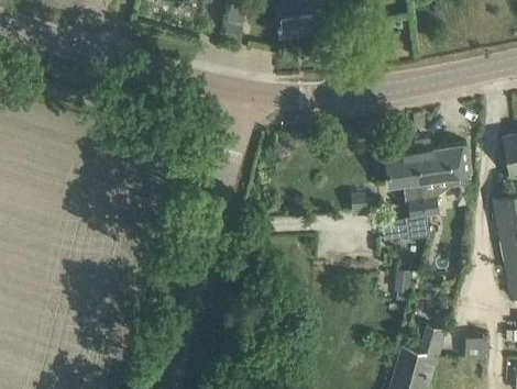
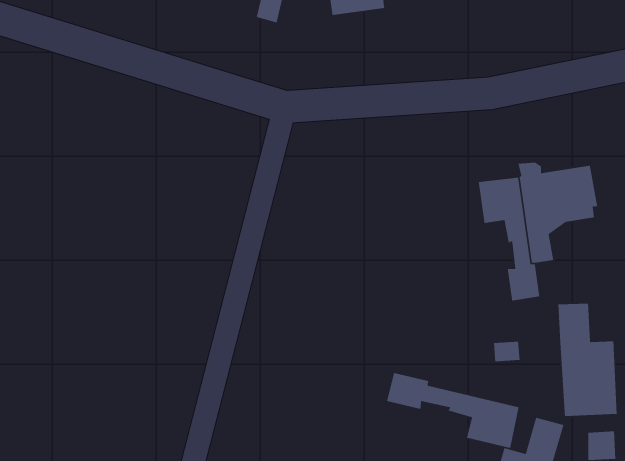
building: none -> [557,303,617,417]
building: none -> [386,372,519,449]

